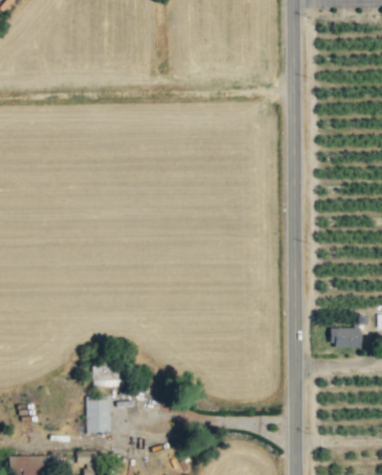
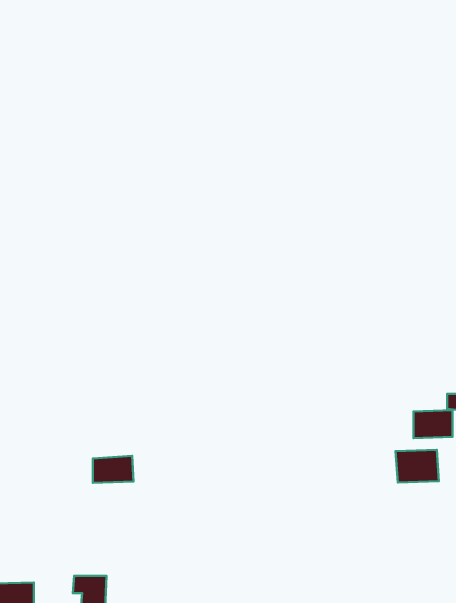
building: none -> [396,450,439,483]
building: [86,397,112,434] -> none

